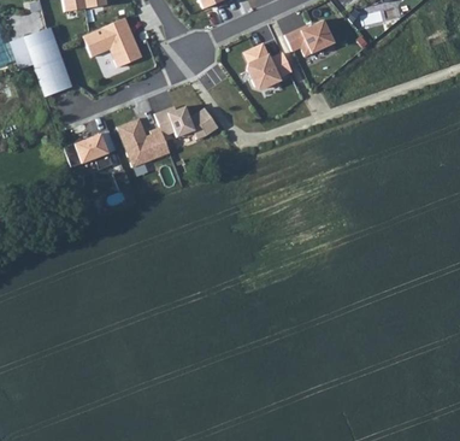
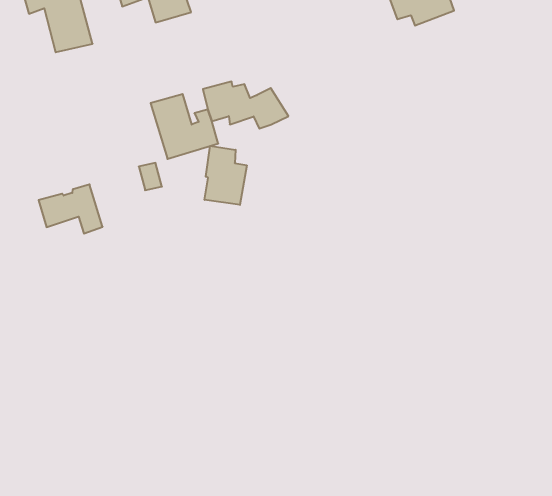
building: [243,45,291,88] -> none
building: [65,133,113,169] -> [39,184,103,234]
building: none -> [205,146,247,205]

